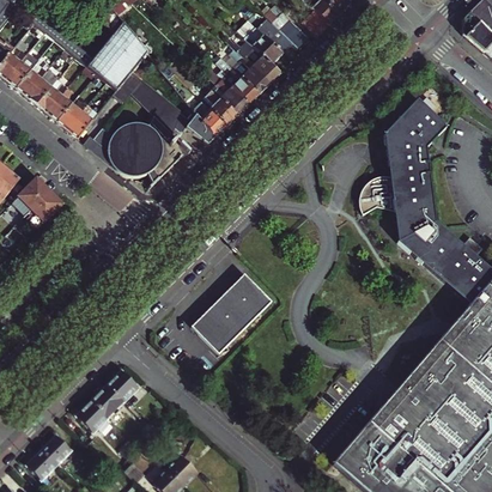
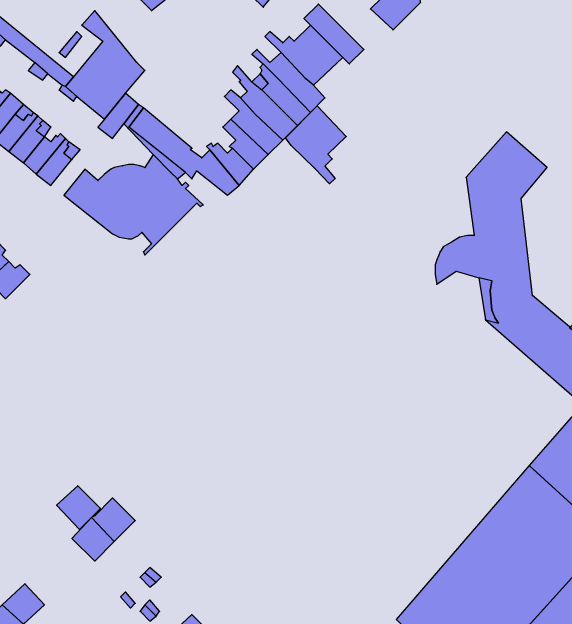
building: none -> [286,106,346,184]
building: [192,273,272,353] -> none
building: [78,400,110,432] -> [57,486,100,529]

